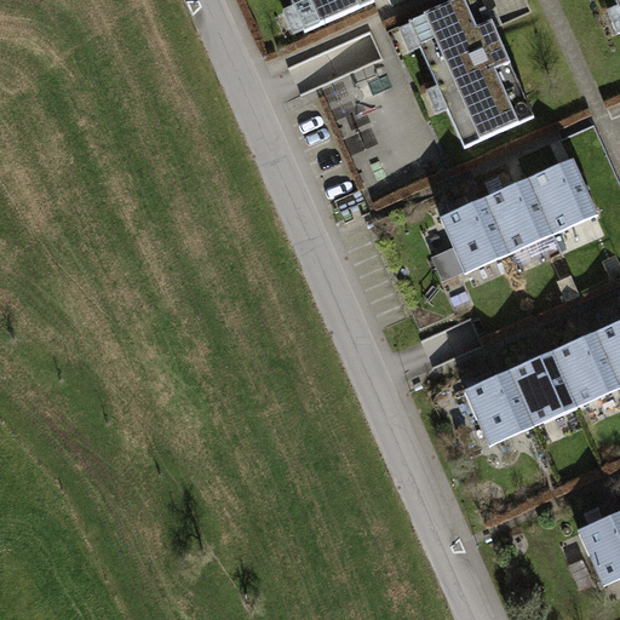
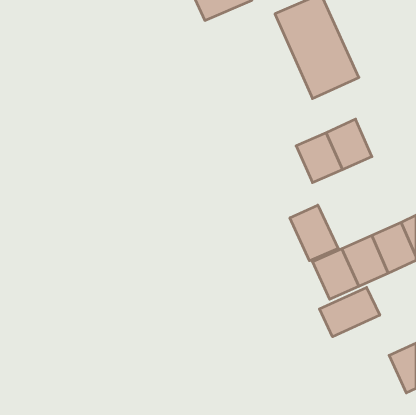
building: [528,157,597,232] -> none
building: none -> [290,205,338,261]
building: none -> [319,287,380,337]

